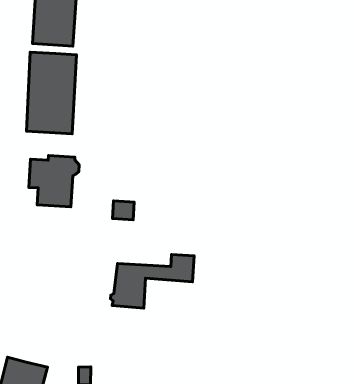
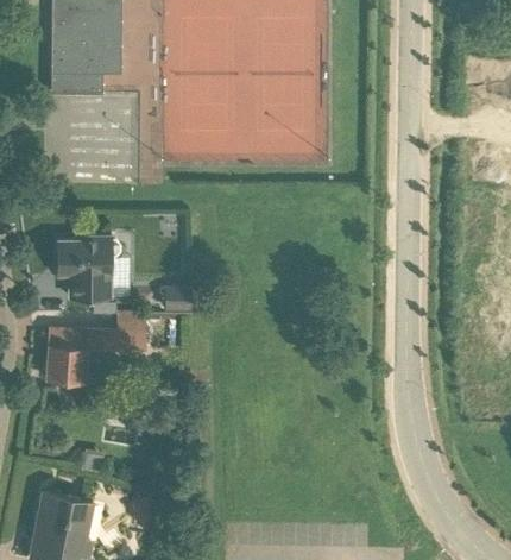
building: [27,52,77,134] -> none
building: [111,254,194,308] -> [44,312,146,382]

